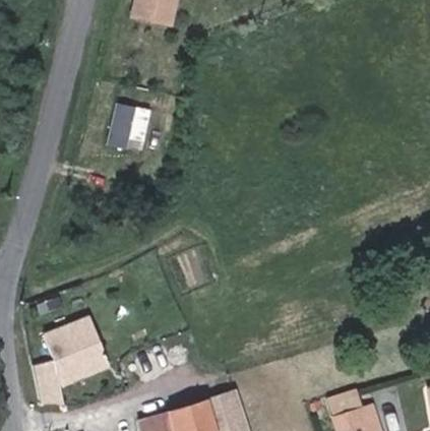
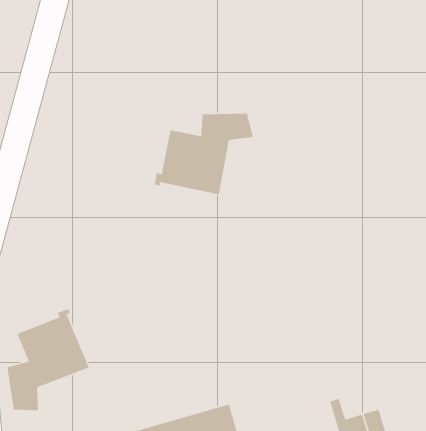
building: [111,102,149,146] -> none
building: none -> [154,113,254,195]

